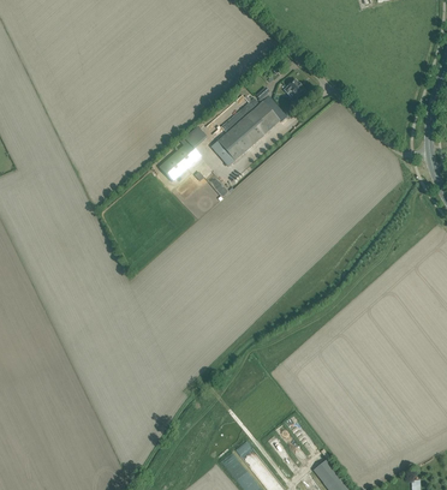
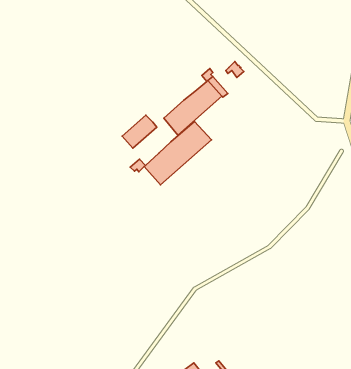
building: none -> [130,122,212,185]

